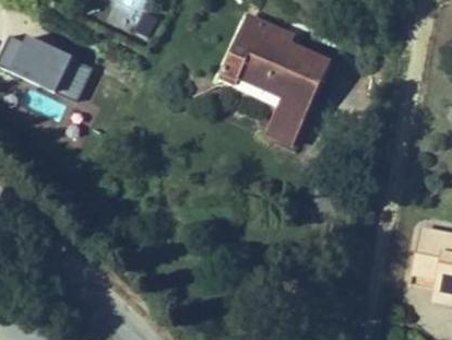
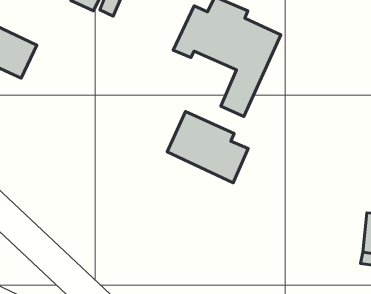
building: none -> [167,112,248,183]

